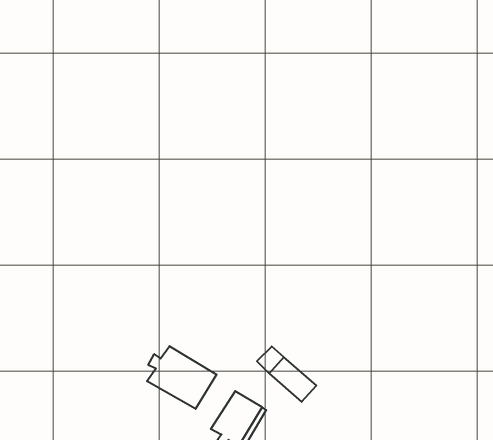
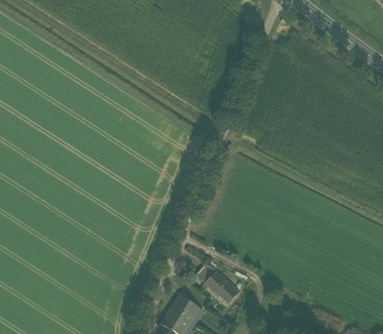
building: [147,346,217,409] -> none

